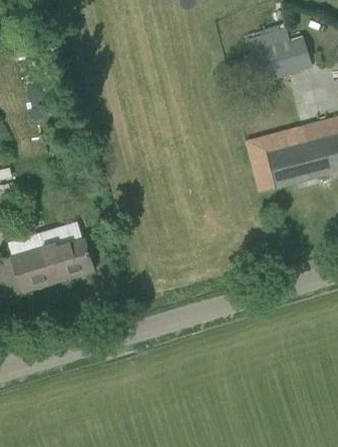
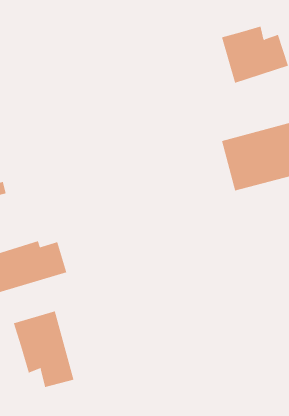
building: none -> [13,311,74,388]

